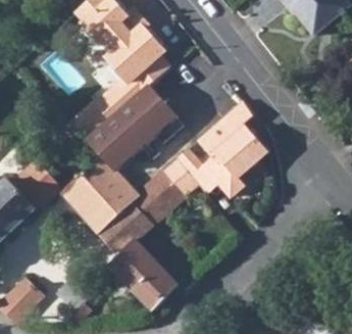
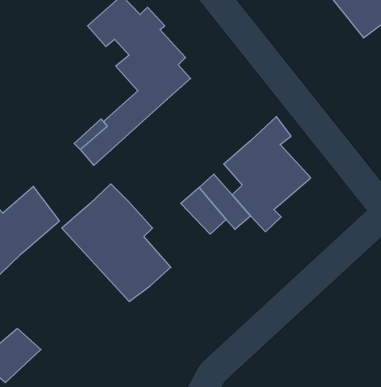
building: [89,86,178,171] -> none
building: [131,173,186,226] -> none
building: [109,241,178,308] -> none

